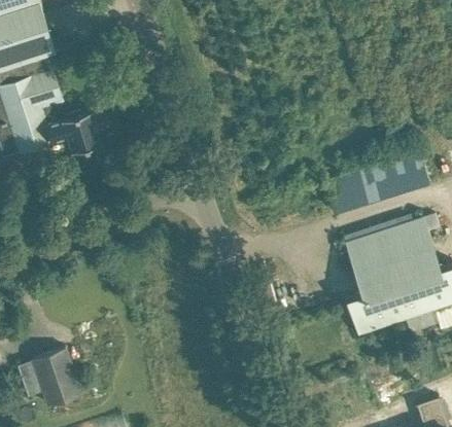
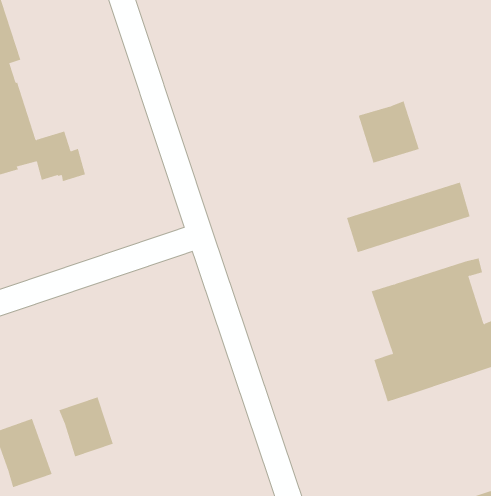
building: none -> [358,100,420,163]
building: none -> [59,396,114,457]

